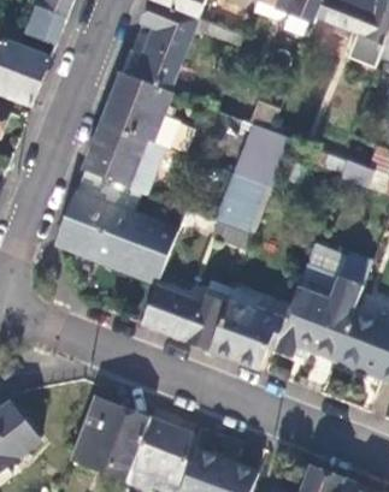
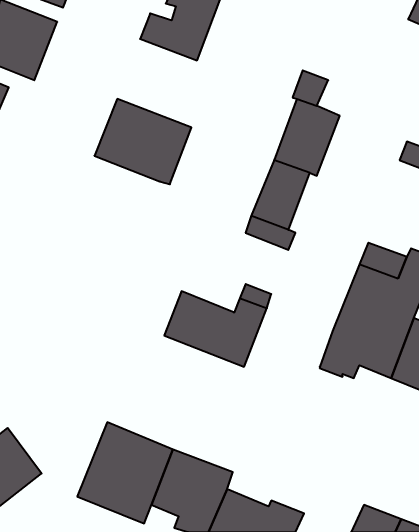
building: [101,73,177,149] -> none
building: [54,172,176,283] -> none
building: [210,304,283,368] -> none

